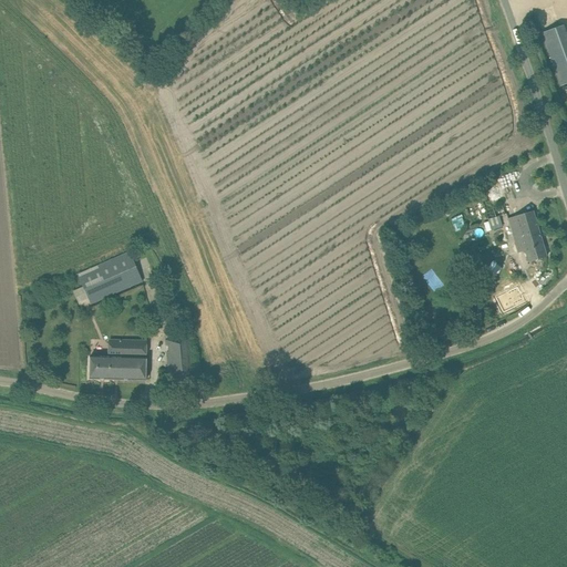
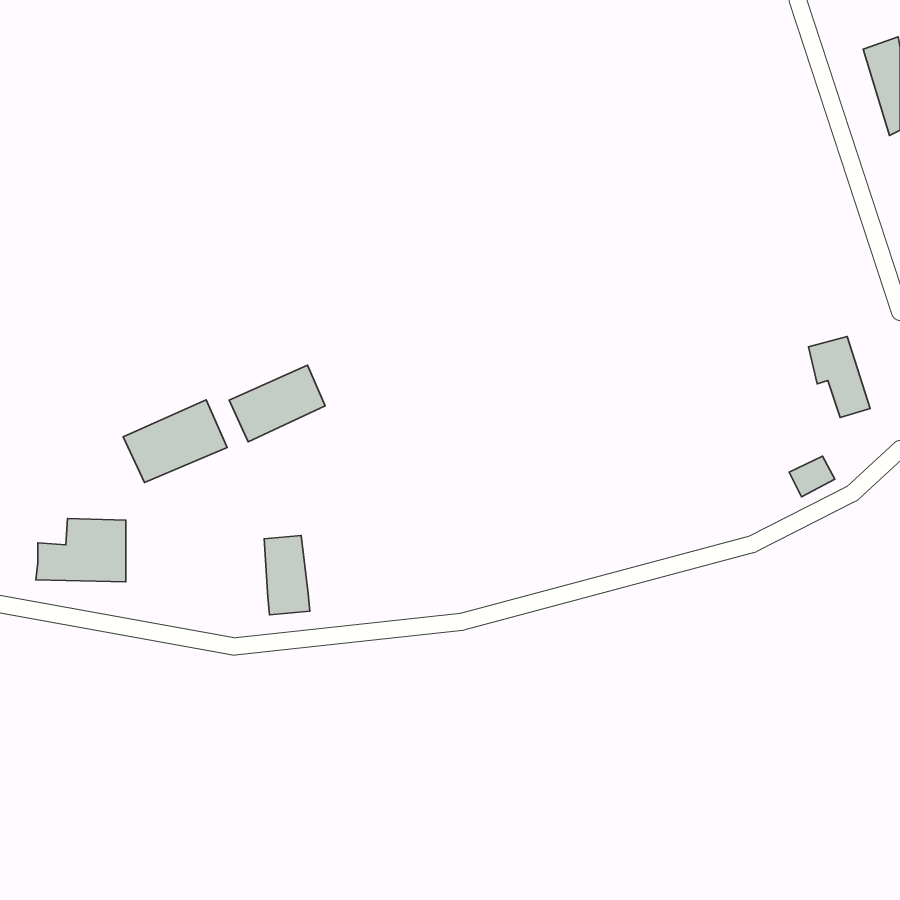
building: none -> [229,365,325,442]
building: [90,340,146,380] -> [36,518,126,582]

